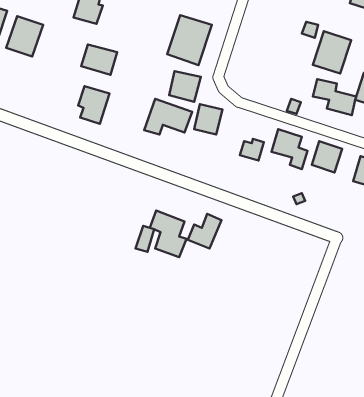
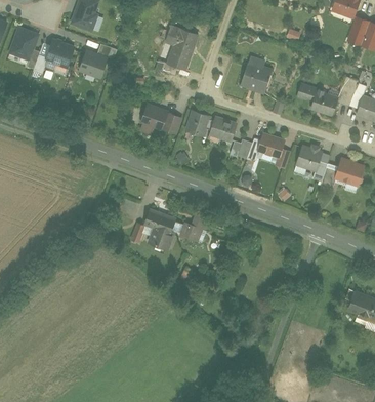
building: [313,31,351,74] -> [239,54,275,94]
building: [169,71,201,102] -> [208,113,238,142]
building: [78,86,110,124] -> [44,37,74,73]

